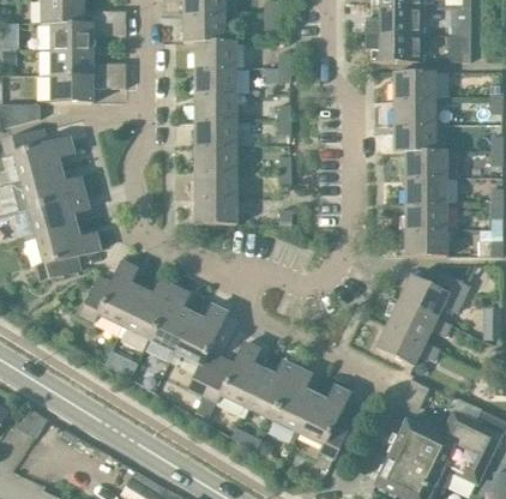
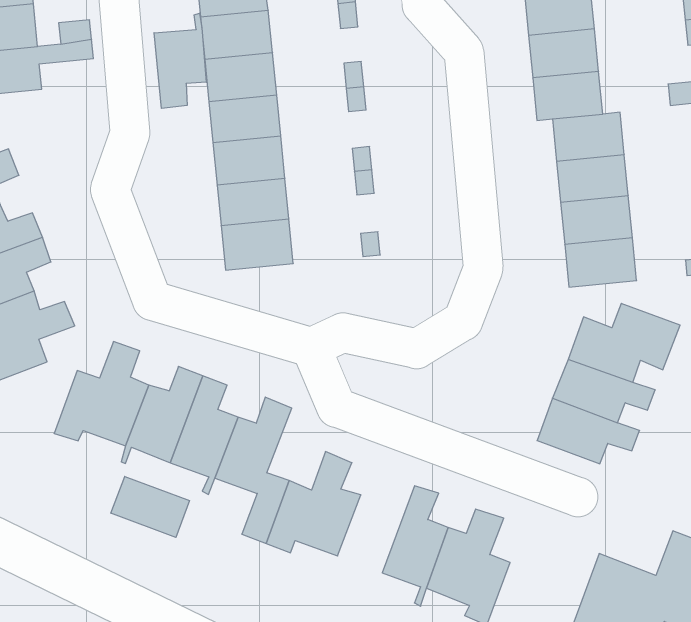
building: none -> [154,13,206,108]
building: none -> [111,476,190,537]
building: [242,360,299,419] -> none

